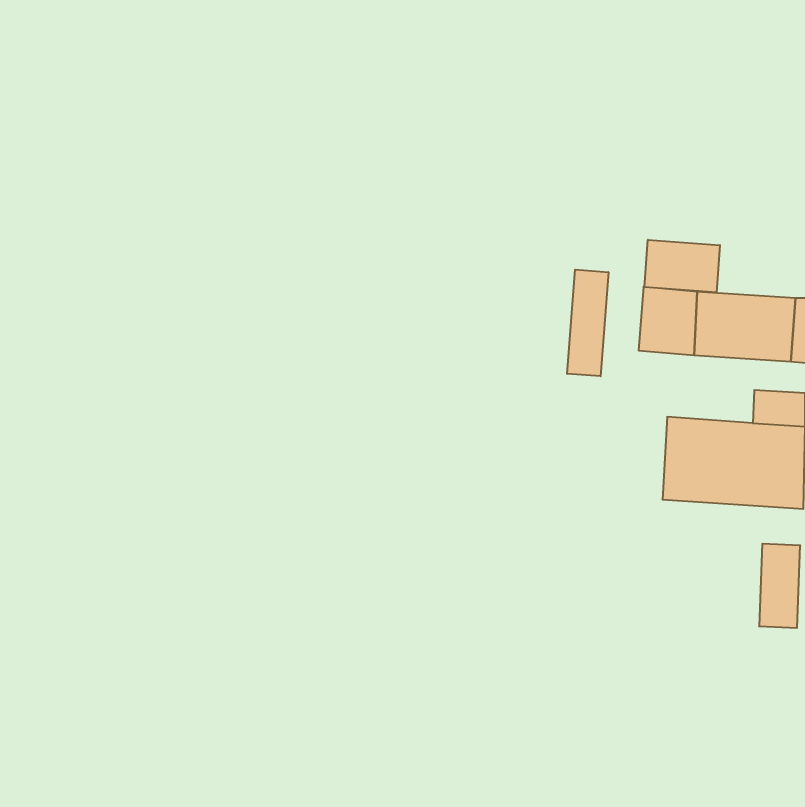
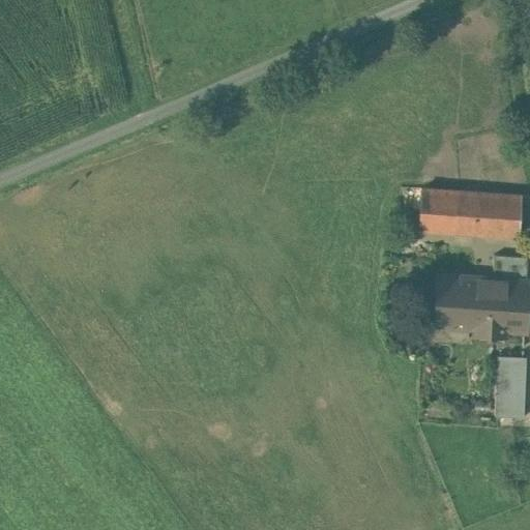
building: [644,240,720,292] -> none
building: [567,270,608,376] -> none

